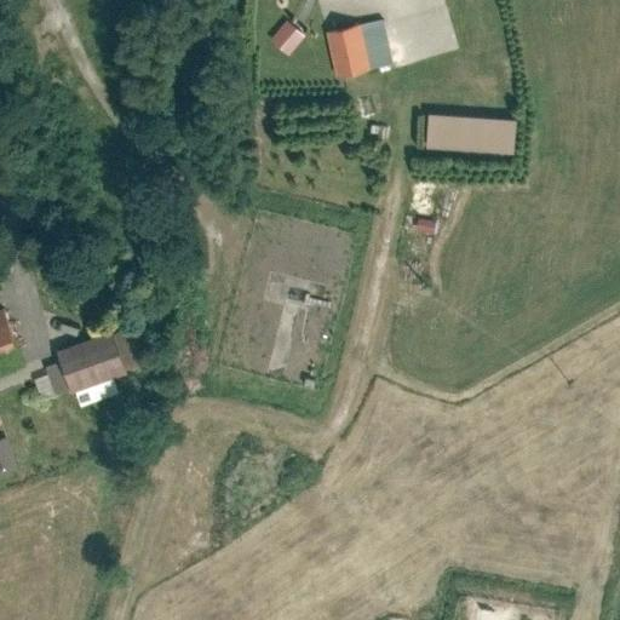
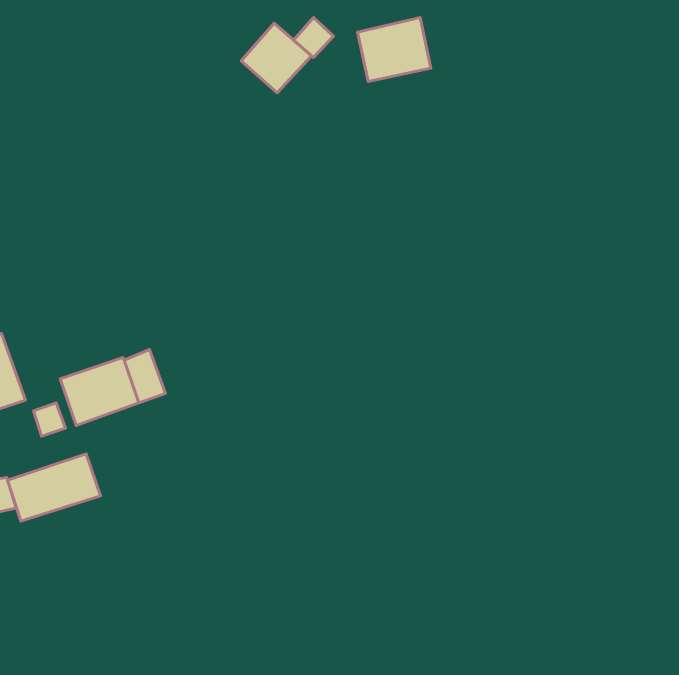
building: none -> [241,23,311,93]
building: [423,114,517,156] -> none
building: none -> [7,454,100,521]

